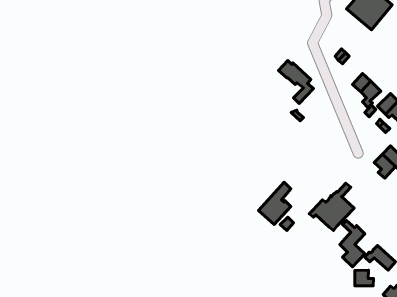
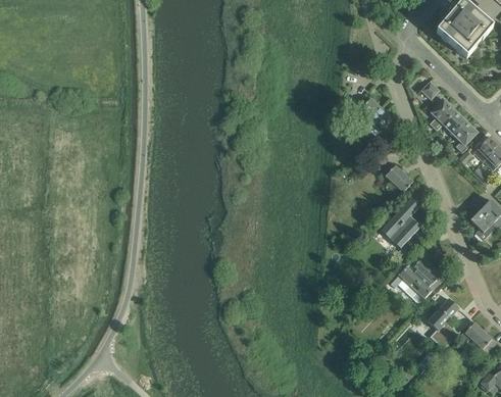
building: none -> [429,98,455,129]
building: none -> [381,159,414,192]
building: [258,182,291,225] -> [381,195,420,247]
building: [355,270,374,286] -> none

